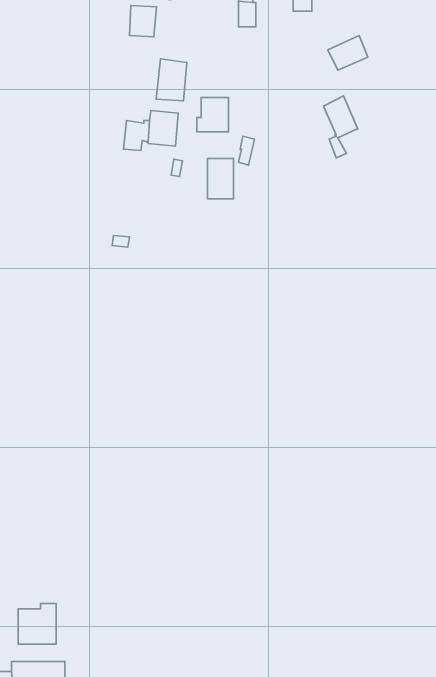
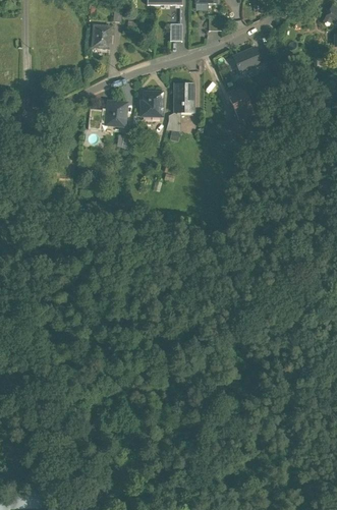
building: [156,59,187,101] -> none
building: [208,159,234,199] -> [175,82,193,111]
building: [18,603,56,644] -> none

